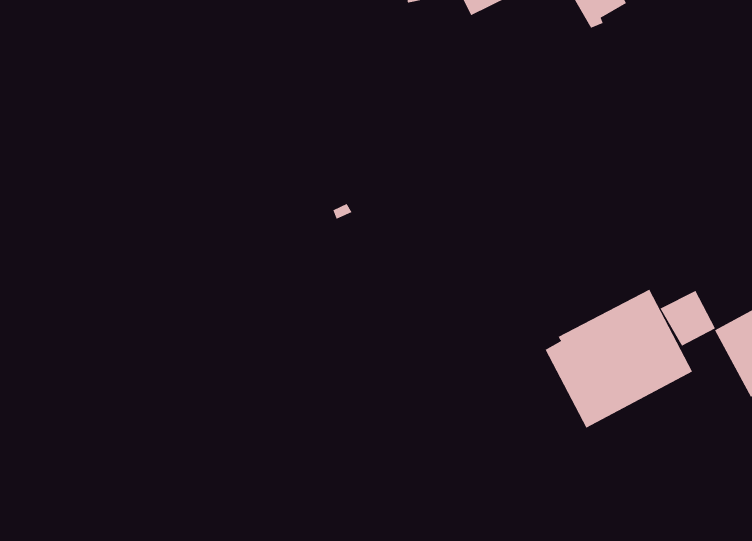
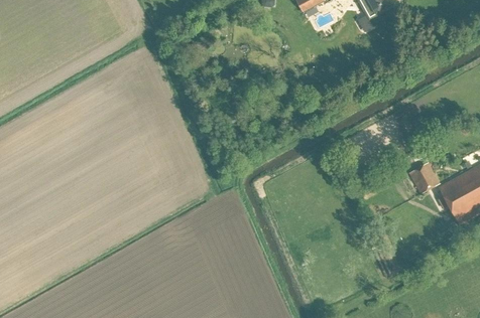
building: [545,289,693,428] -> none

